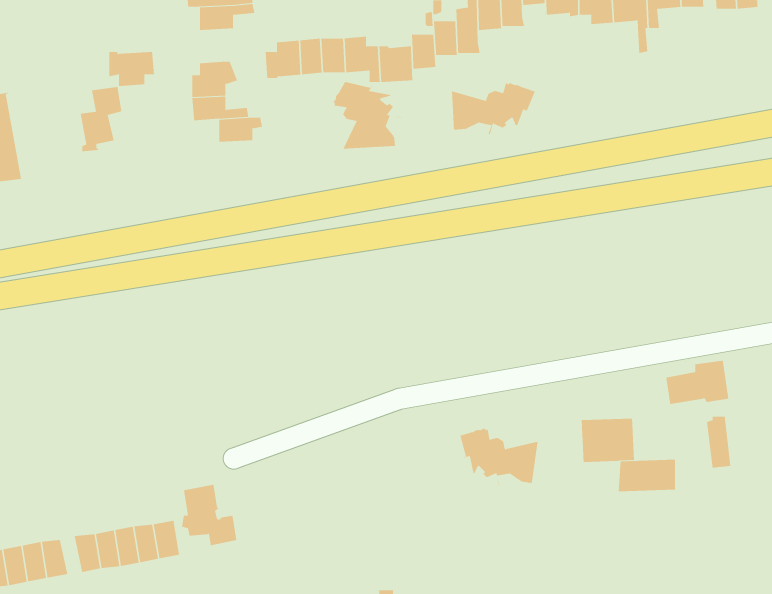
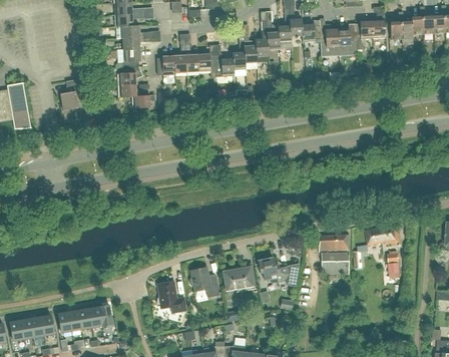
building: [109,52,155,86] -> [117,49,141,67]
building: [332,81,402,150] -> none
building: [452,82,536,135] -> none
building: none -> [223,264,255,291]
building: none -> [188,267,219,297]
building: [618,459,676,492] -> [319,235,349,252]
building: [181,484,237,546] -> [156,281,185,313]

